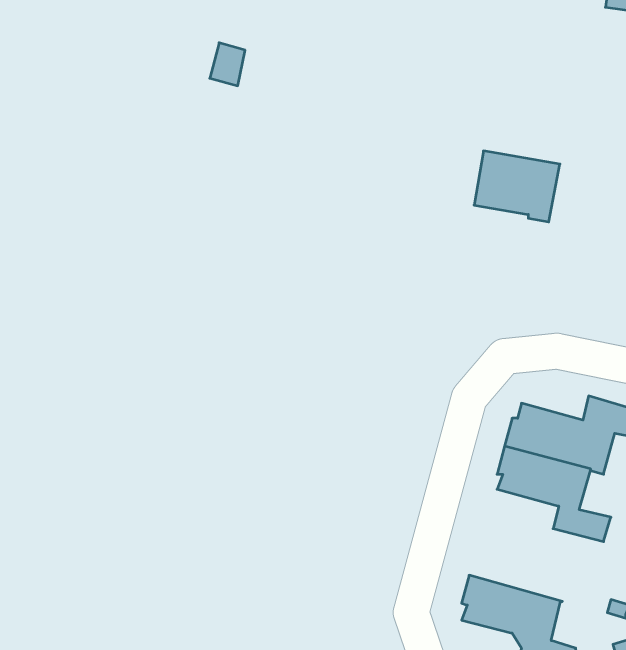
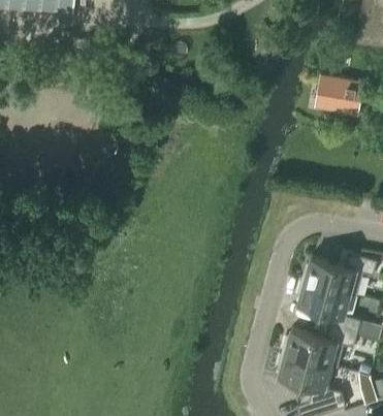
building: [474,151,560,222] -> [316,79,363,119]
building: none -> [283,329,357,371]

